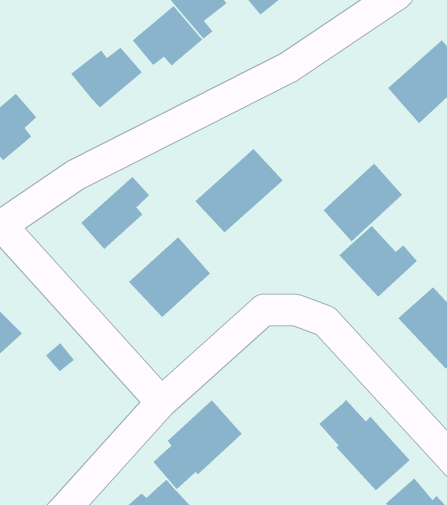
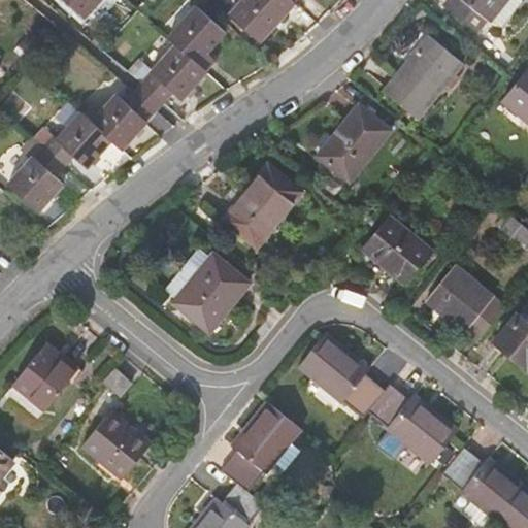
building: none -> [43,110,112,166]
building: [323,163,403,242] -> [321,103,393,179]
building: [81,176,150,250] -> none
building: none -> [295,330,386,417]
building: none -> [84,410,152,477]

